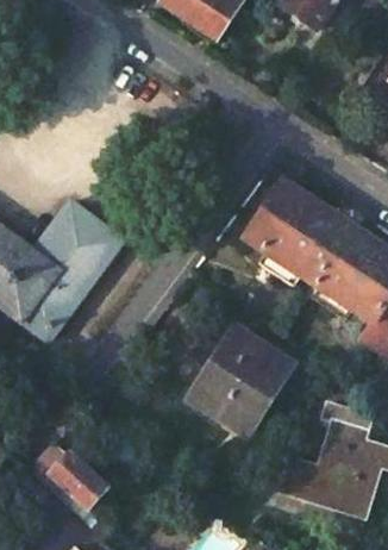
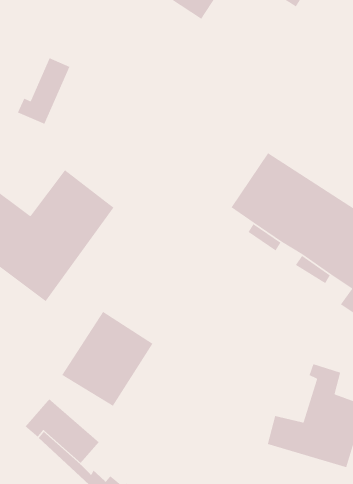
building: none -> [17,57,71,125]
building: [193,332,290,433] -> [61,311,154,407]

